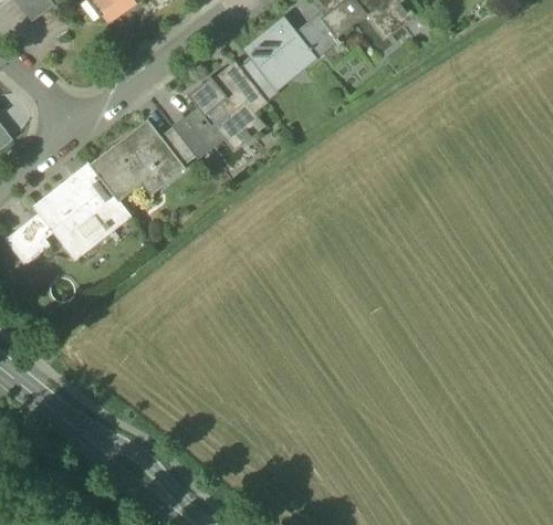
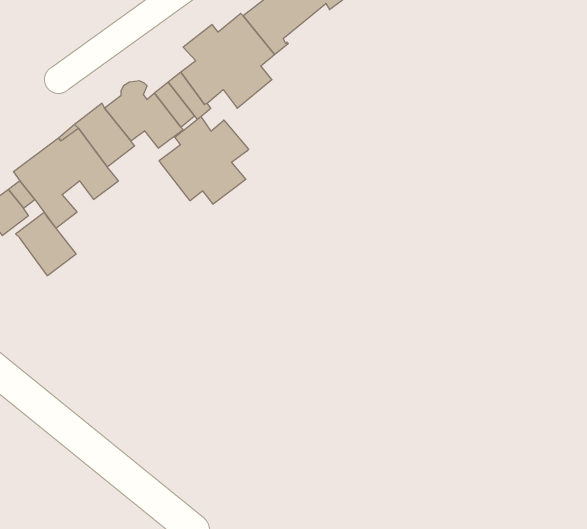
building: none -> [159,117,249,204]
building: none -> [16,212,76,276]

